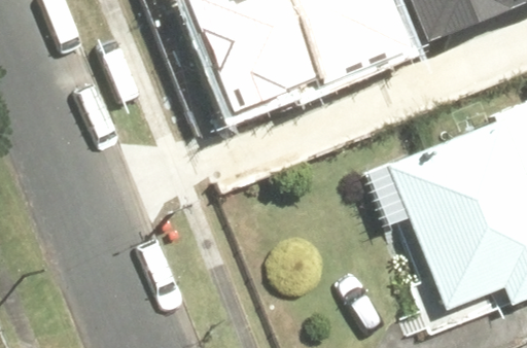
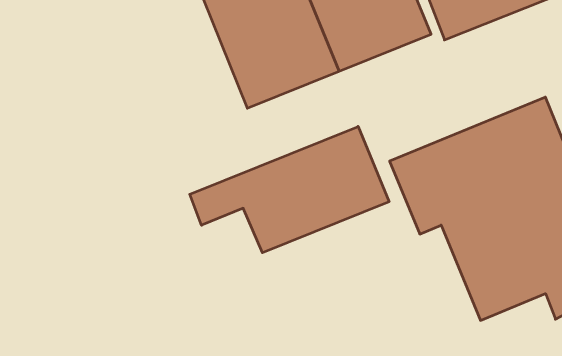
building: none -> [190,126,389,253]

